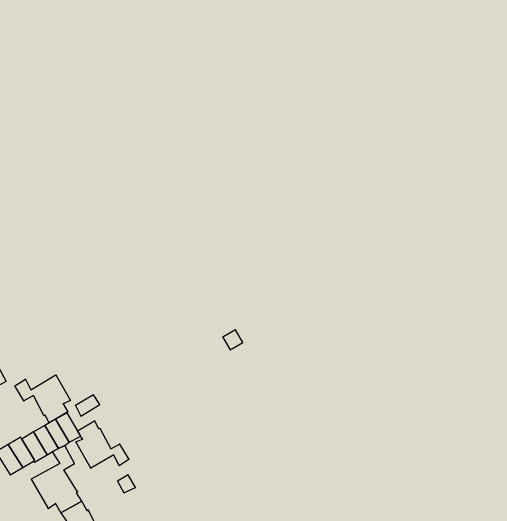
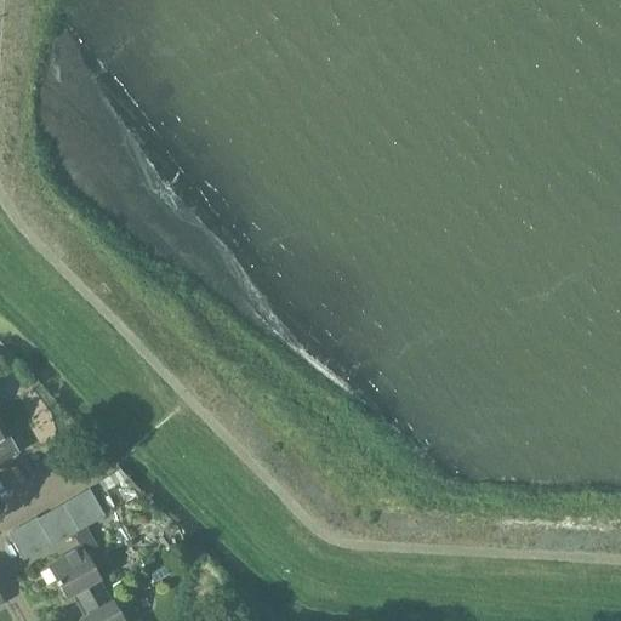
building: [15,375,70,423] -> none
building: [76,421,129,468] -> none

